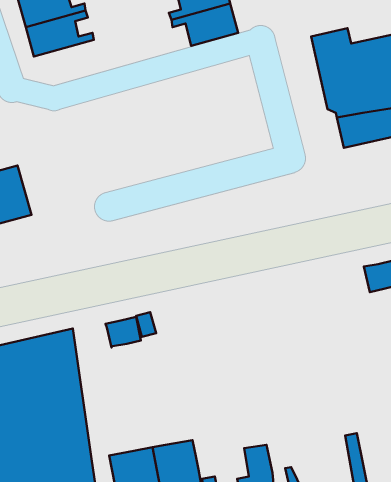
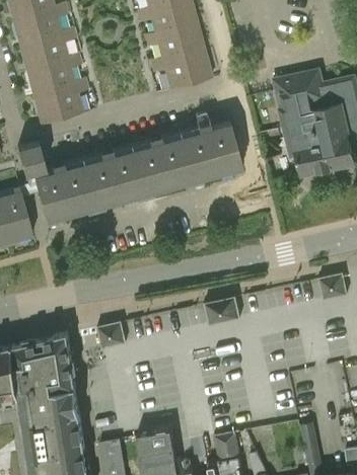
building: none -> [34,84,88,124]
building: none -> [33,123,241,220]
building: none -> [16,142,45,173]
building: none -> [206,298,241,326]

